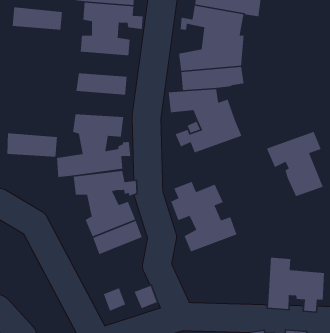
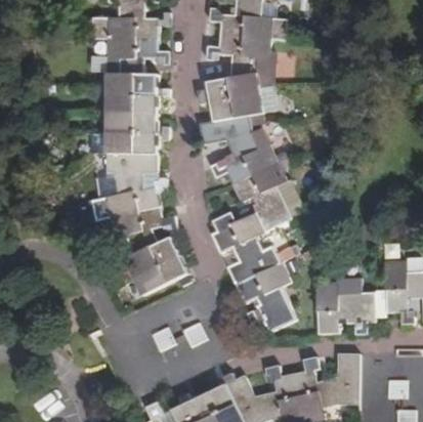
building: [12,6,63,31] -> [108,90,158,111]
building: [266,131,324,197] -> [231,162,293,230]
building: [7,132,58,158] -> [107,130,158,153]
building: none -> [236,262,296,331]

